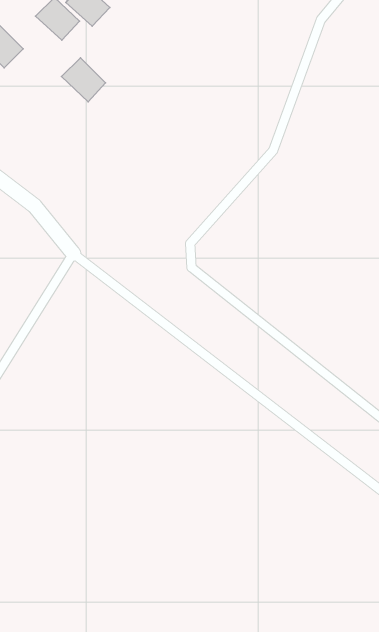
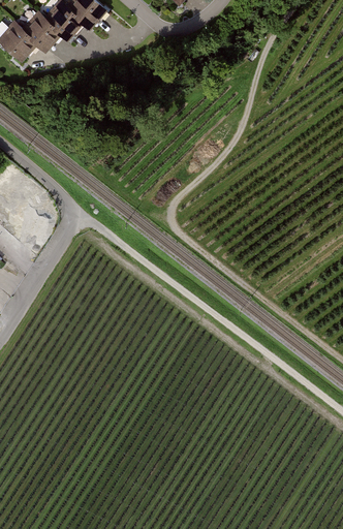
building: [62,58,106,102] -> [24,11,60,48]

